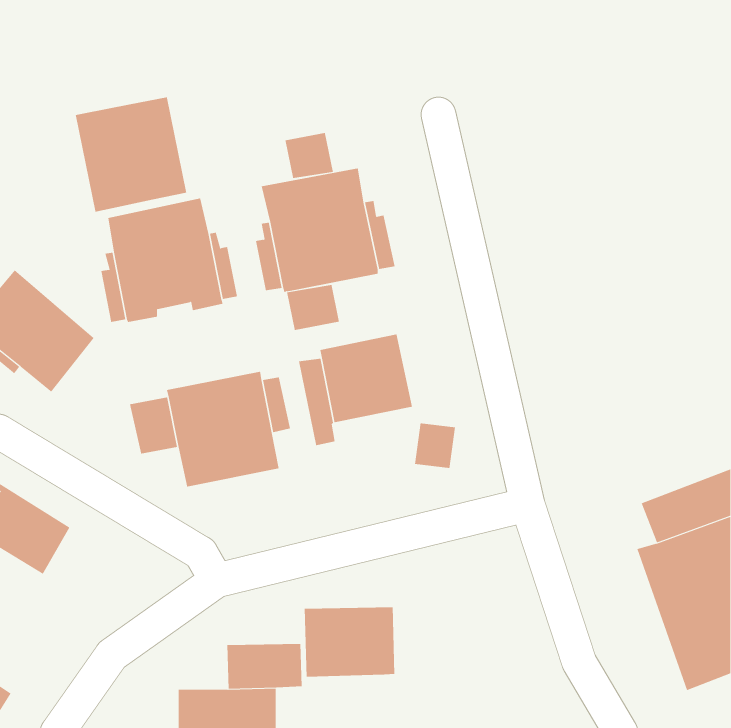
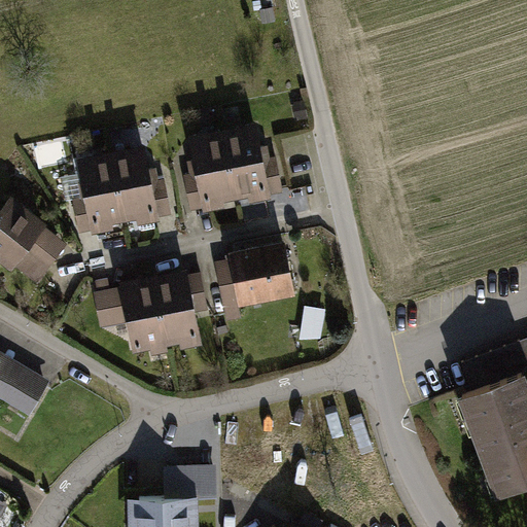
building: [75,97,187,213] -> none
building: [285,132,334,179] -> none
building: [286,284,340,331] -> none
building: [304,606,395,677] -> none

